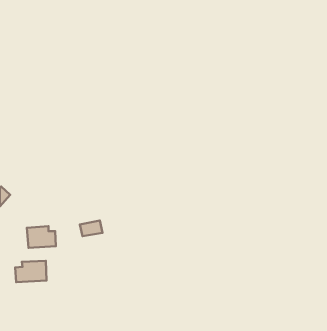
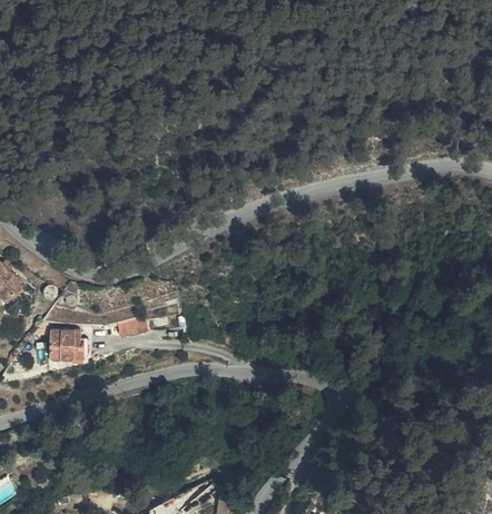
building: [15,261,46,282] -> none

